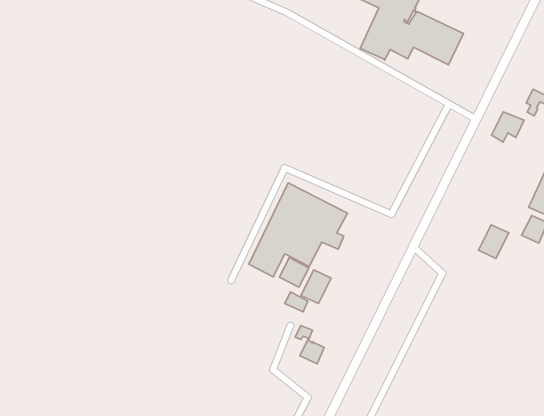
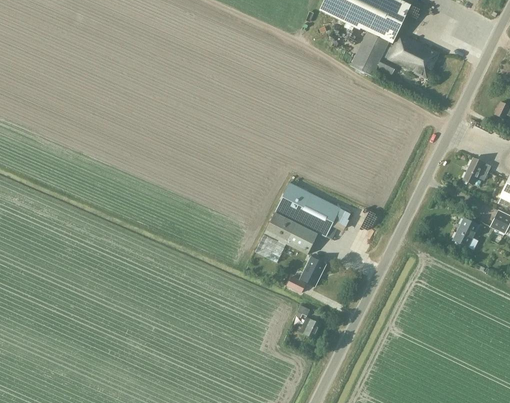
building: [492,112,524,142] -> [463,158,491,184]
building: [280,258,309,287] -> none

